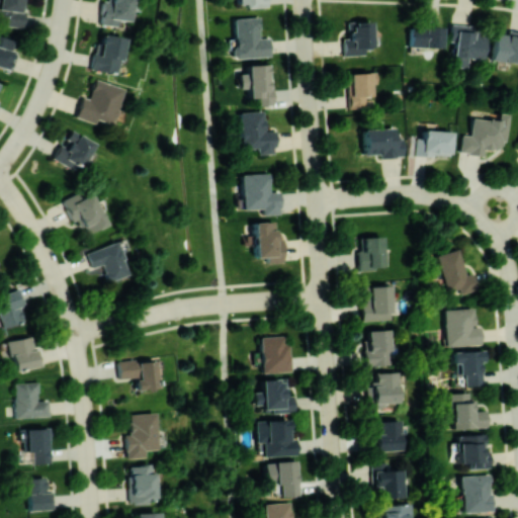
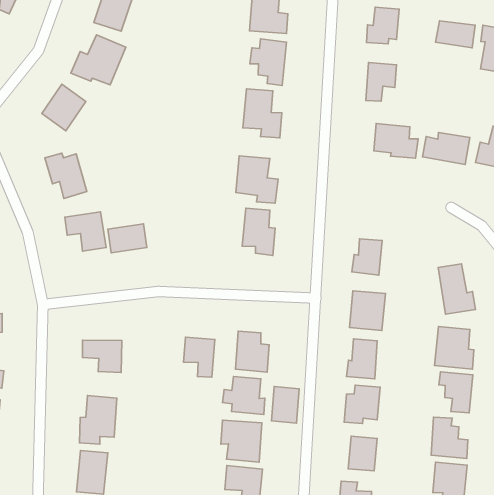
building: none -> [108,224,147,253]
building: none -> [184,337,215,377]
building: none -> [271,387,299,423]

